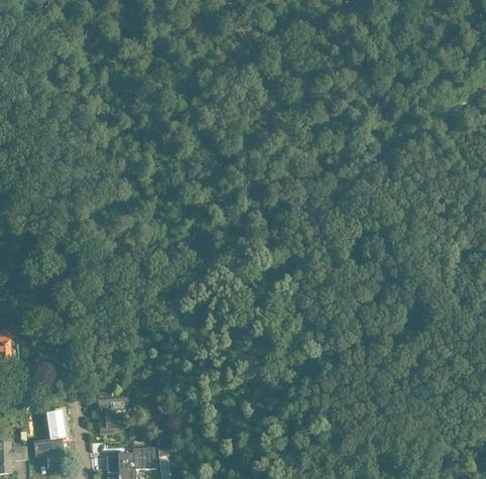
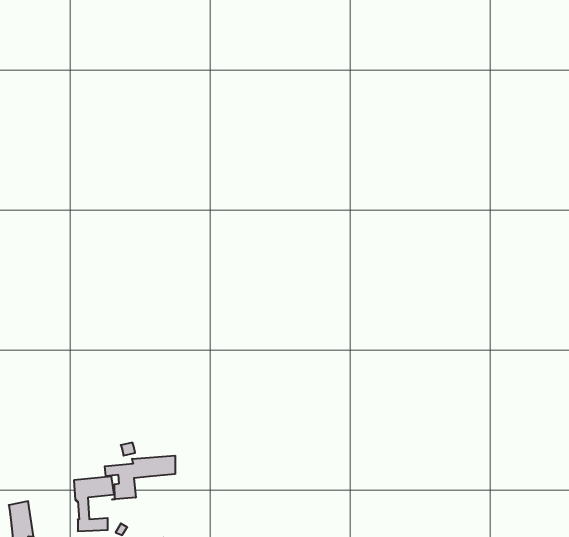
building: none -> [105,456,175,500]

